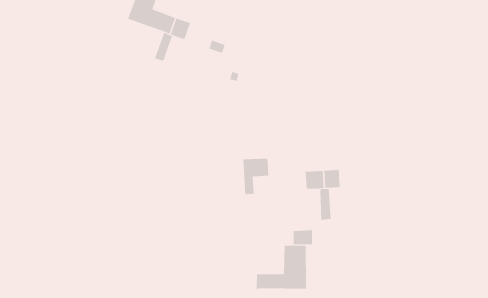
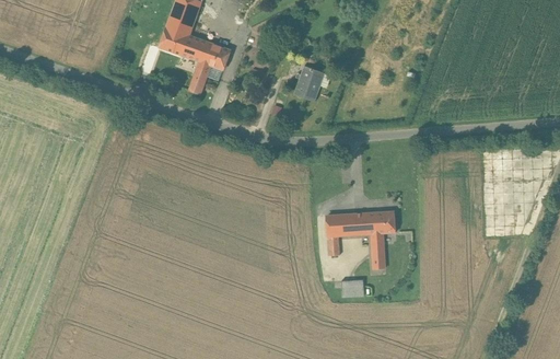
building: none -> [293,66,324,102]
building: [242,158,269,195] -> [326,215,355,255]
building: [256,245,306,290] -> none

